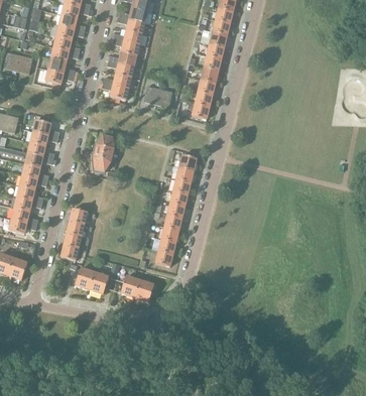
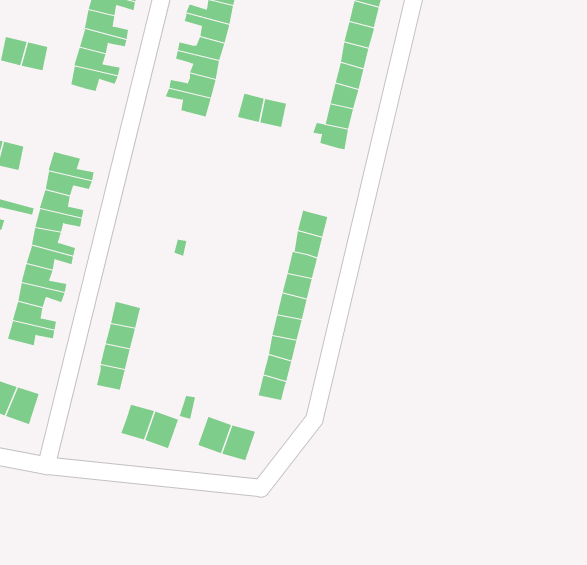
building: [93,135,114,170] -> none

